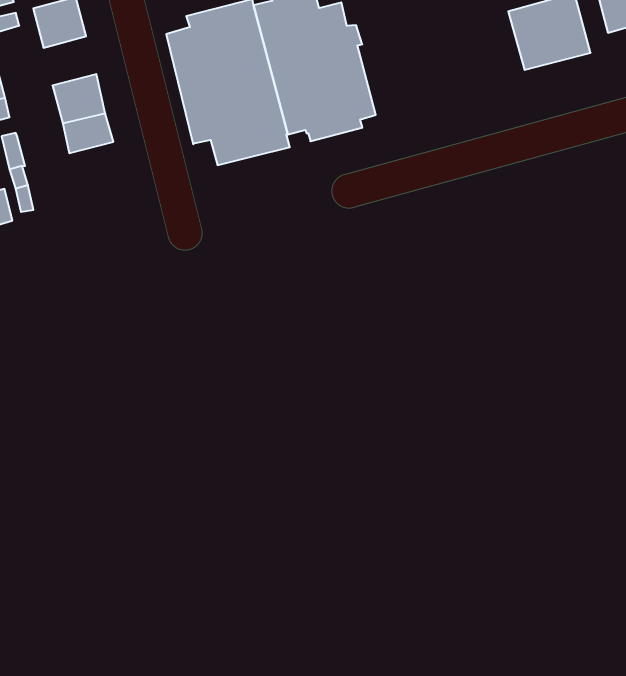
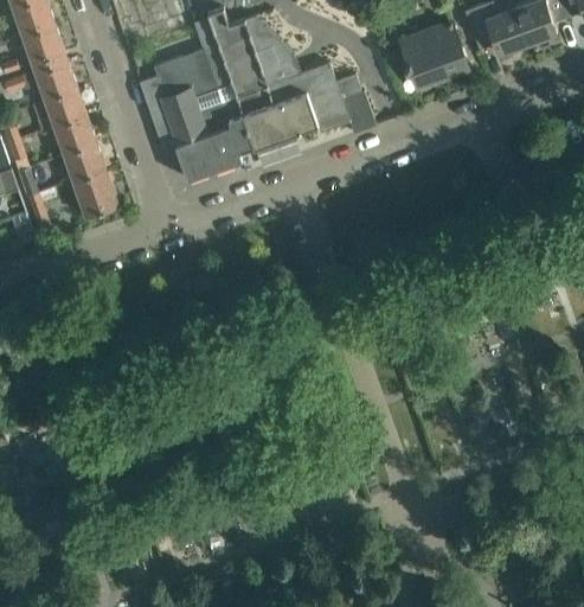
building: none -> [287,64,374,134]
building: none -> [45,90,88,130]
building: none -> [71,170,118,218]

